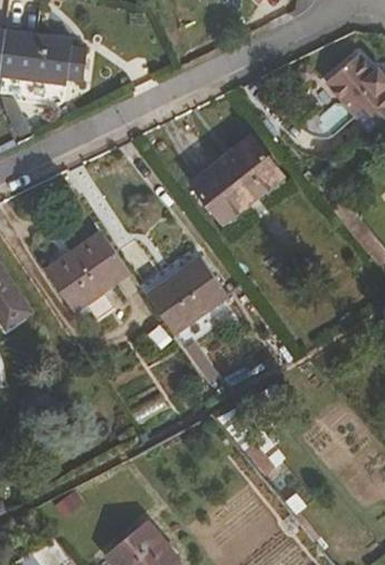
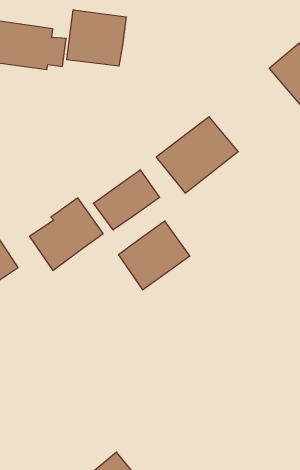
building: none -> [67,10,126,66]
building: none -> [93,170,160,230]

